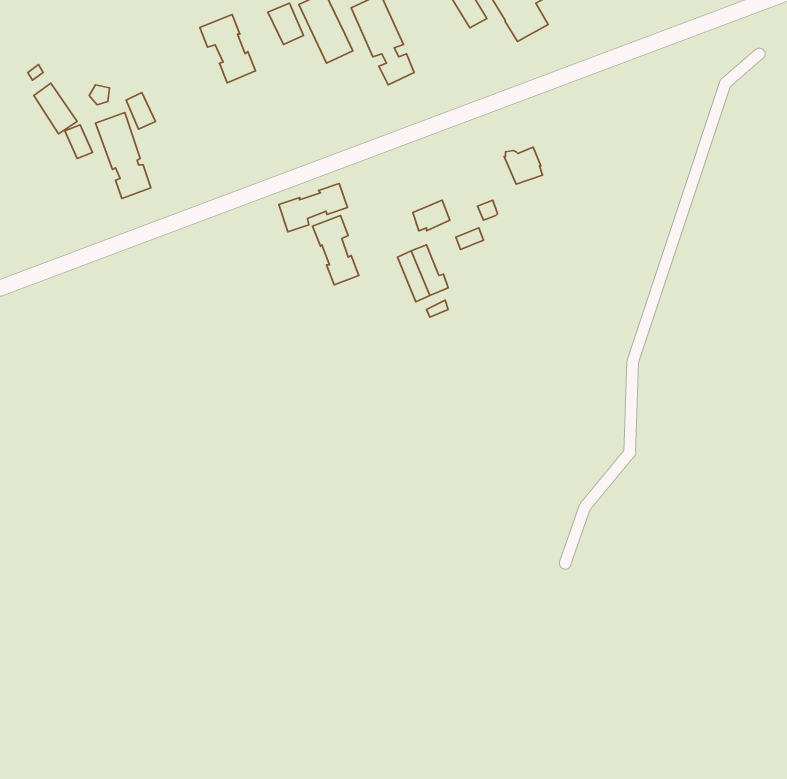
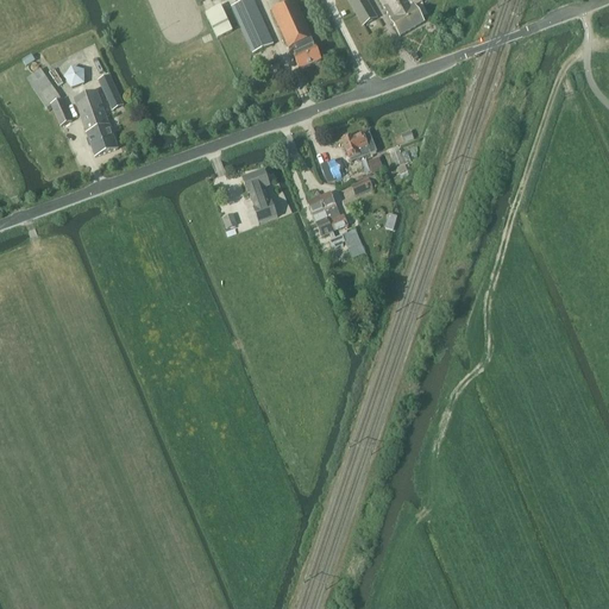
building: [200,15,256,83] -> none
building: [504,147,543,184] -> [341,130,371,158]
building: [279,183,348,232] -> none

